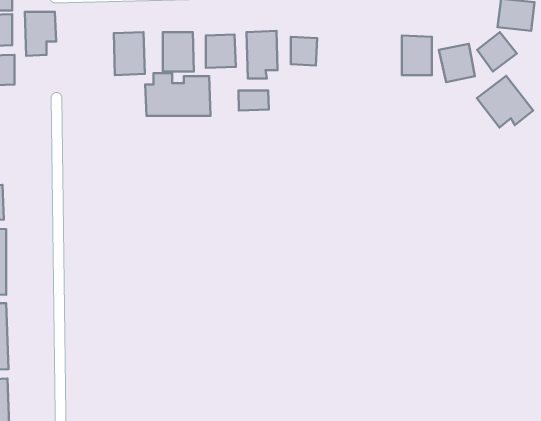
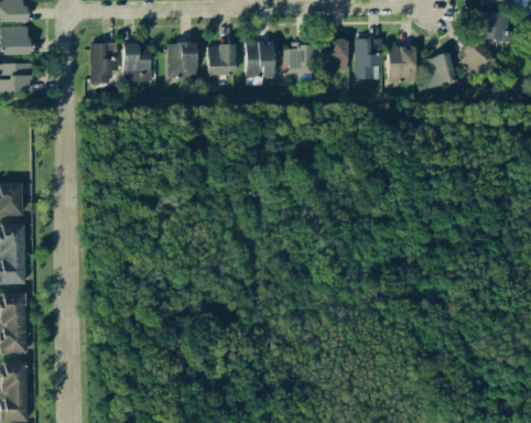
building: [25,12,56,56] -> [90,43,119,84]
building: none -> [356,37,383,79]
building: none -> [321,41,348,70]
building: [145,73,210,116] -> none
building: [477,76,533,127] -> none
building: [238,91,269,110] -> none

